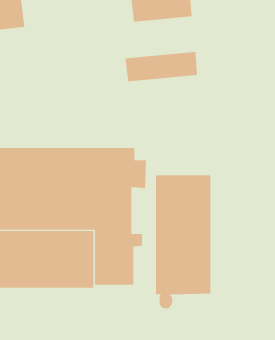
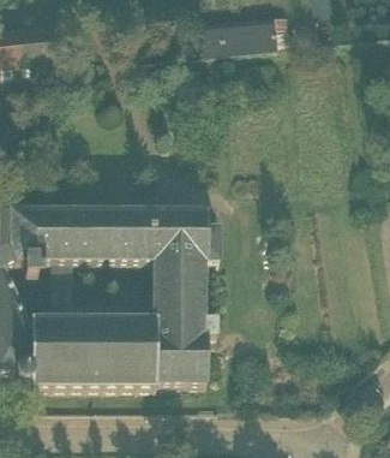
building: [125,51,198,82] -> none
building: [155,174,211,309] -> none

